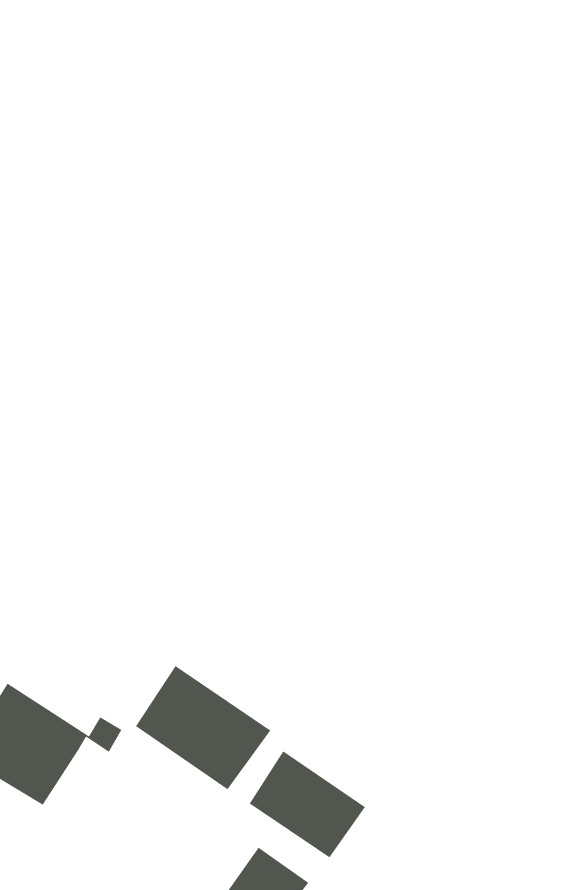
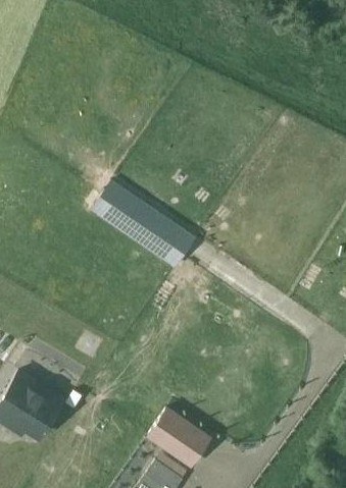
building: none -> [93,184,191,263]
building: [135,665,271,790] -> none

